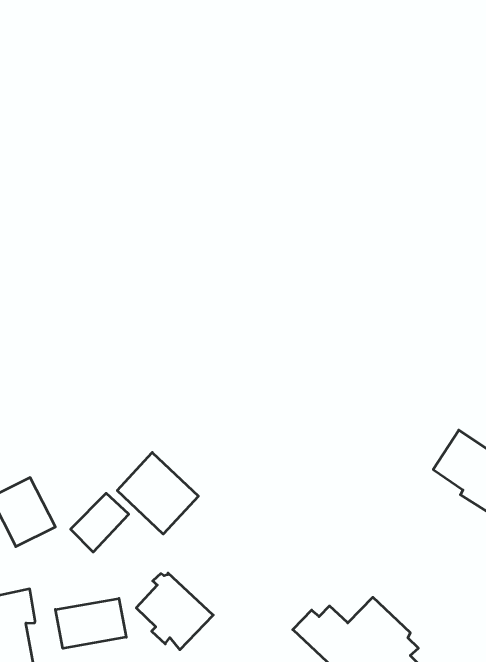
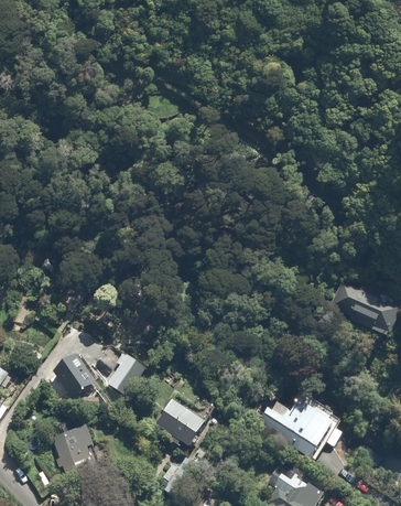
building: [117,452,198,534] -> none
building: [55,598,126,648] -> none

